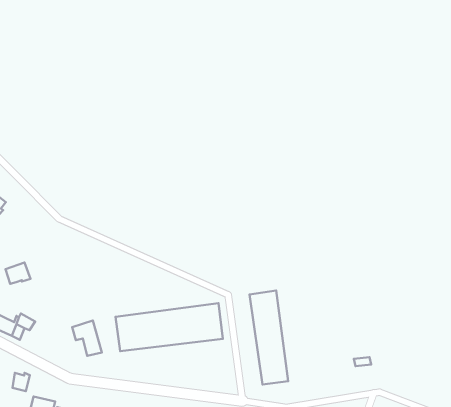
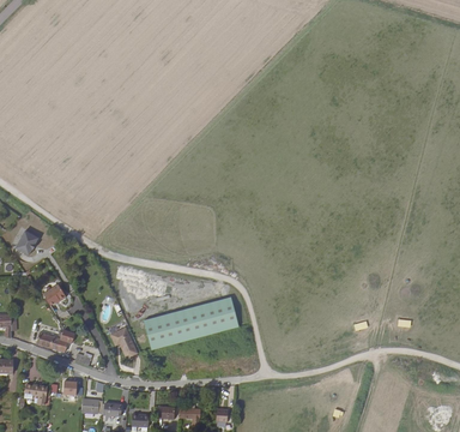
building: [250,290,288,385] -> none

